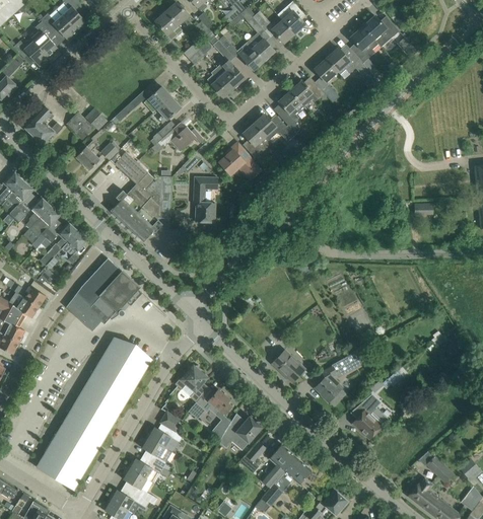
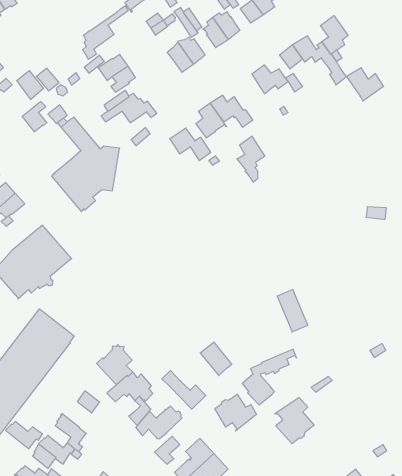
building: [361,16,398,48] -> [346,68,384,101]
building: none -> [83,6,128,59]
building: [277,91,303,135] -> [237,136,265,182]
building: [193,177,217,222] -> none
building: none -> [162,370,206,409]
building: none -> [215,394,257,431]
building: [146,427,182,451] -> [6,422,42,449]

